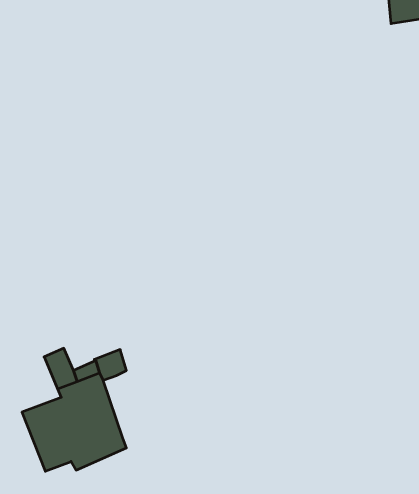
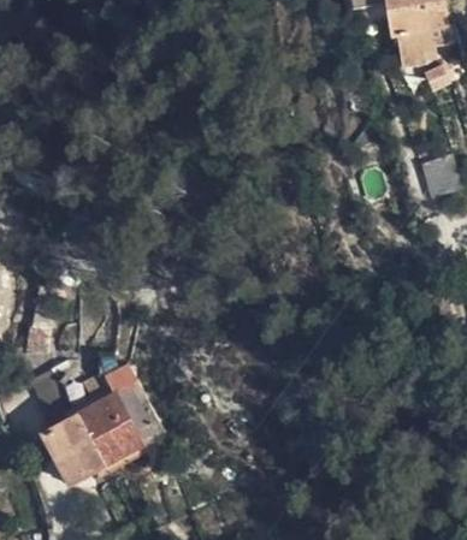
building: none -> [116,403,159,464]

